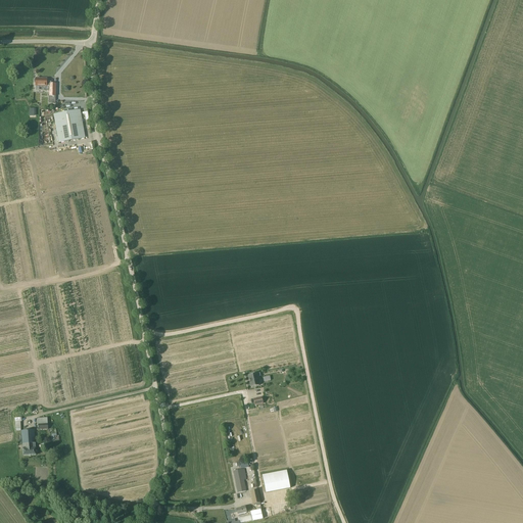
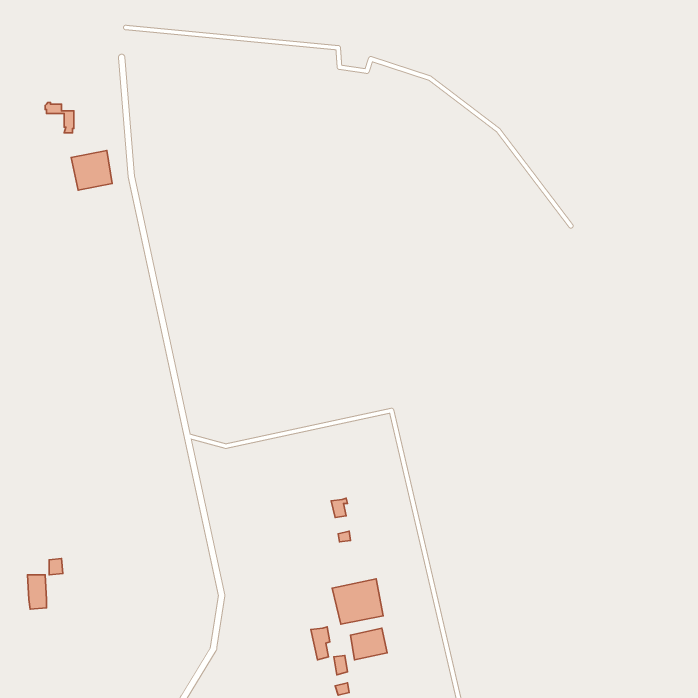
building: none -> [332,579,383,624]

